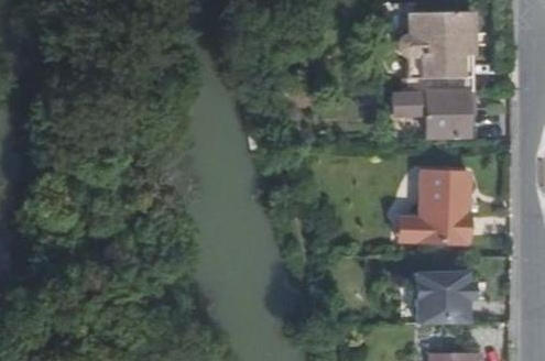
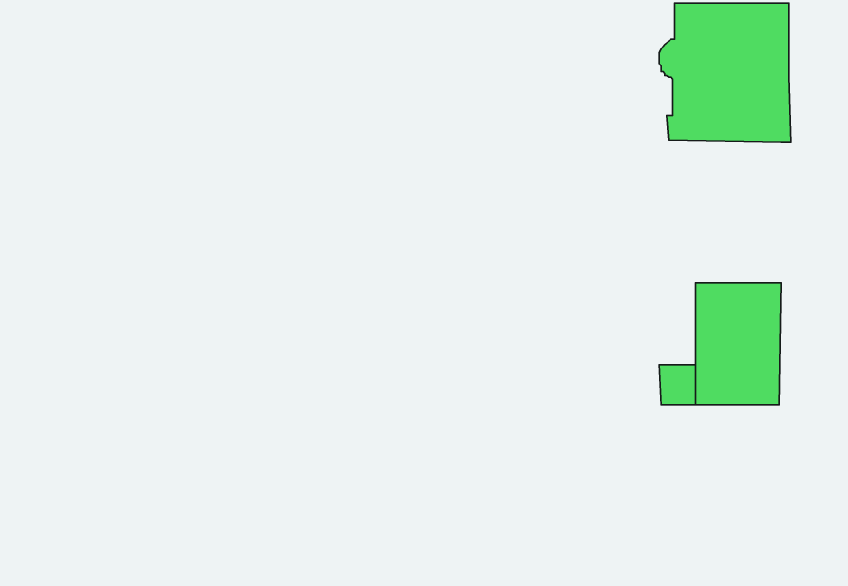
building: [396,91,468,134] -> none
building: [411,273,469,325] -> none

